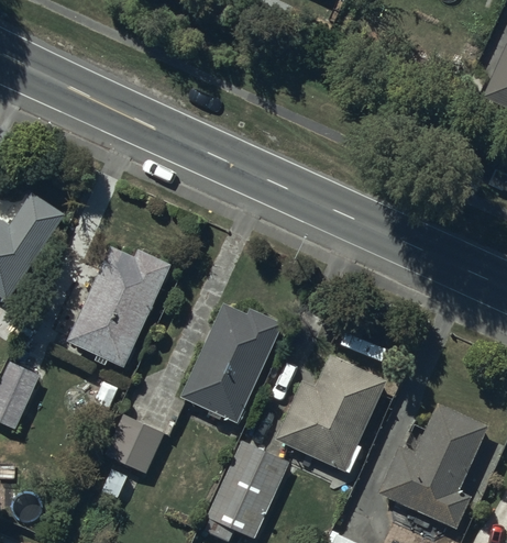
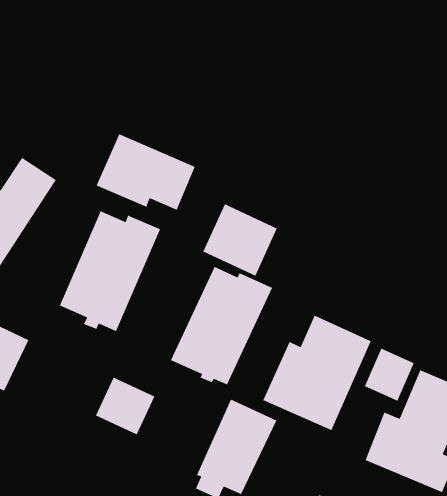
building: none -> [96,133,196,211]
building: none -> [202,203,278,277]
building: none -> [364,348,415,402]

